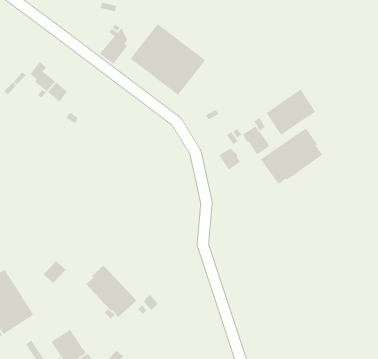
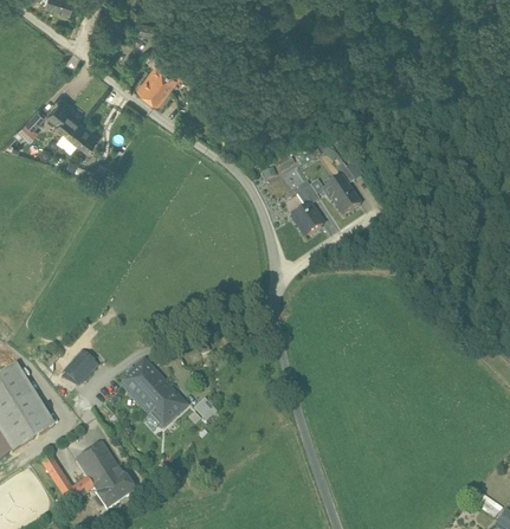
building: [129,23,206,96] -> none
building: [265,88,316,136] -> none
building: [260,127,323,185] -> none

